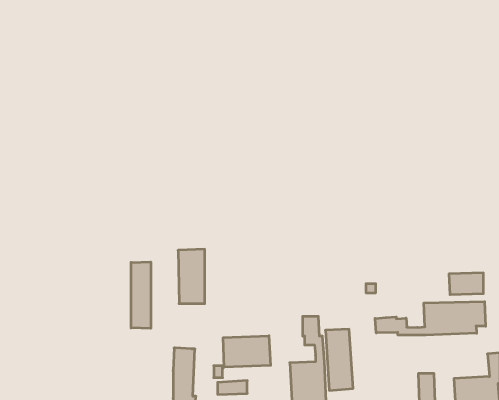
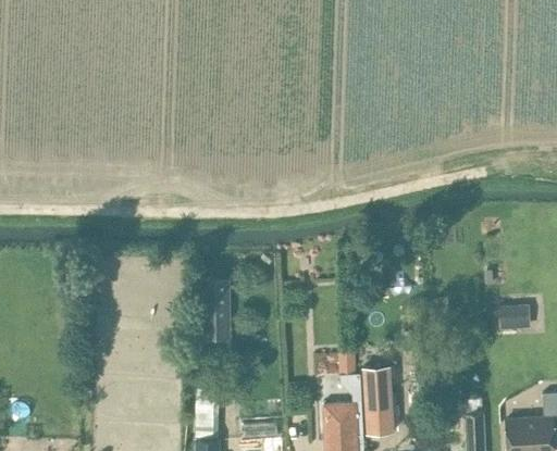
building: [131,262,151,328] -> none
building: [375,302,486,335] -> none
building: [223,336,271,367] -> none

